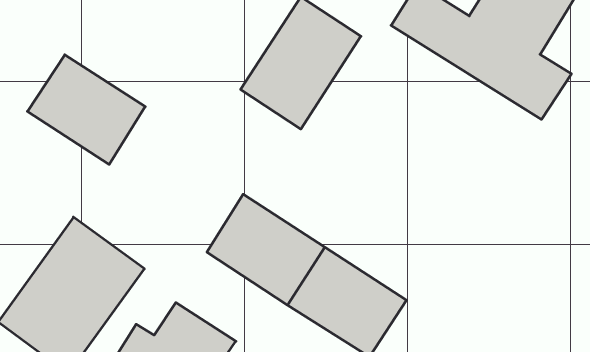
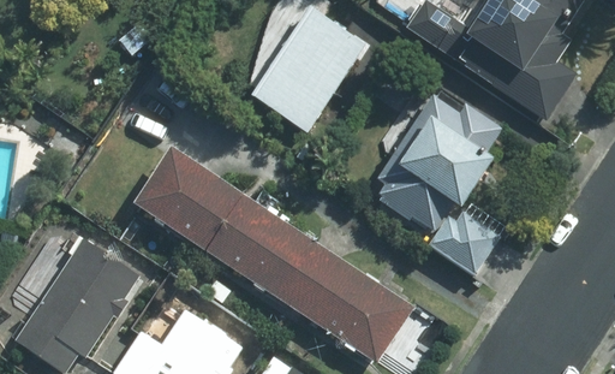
building: [27,55,145,164] -> [133,148,251,257]
building: none -> [368,88,506,273]

